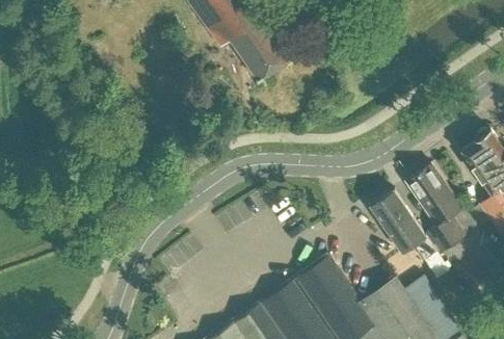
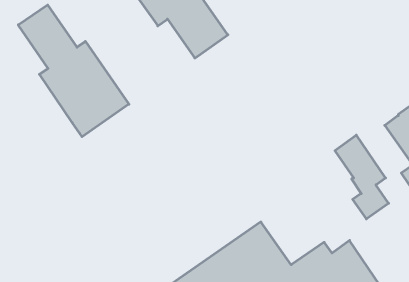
building: none -> [18,5,129,137]
building: [371,190,436,261] -> none

